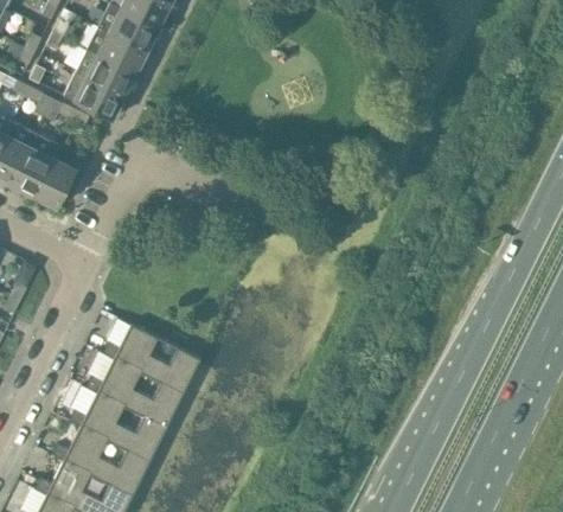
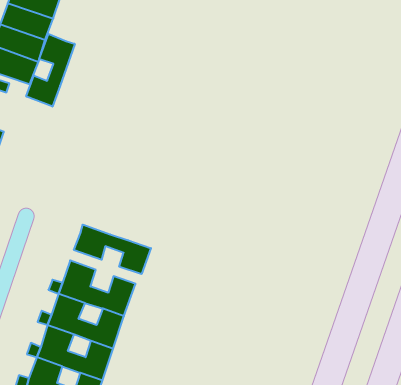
building: none -> [26,34,75,107]
building: none -> [74,225,151,274]

